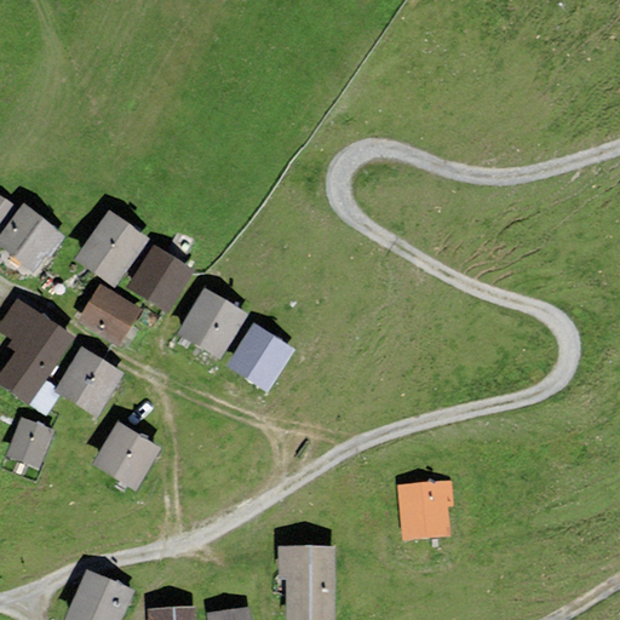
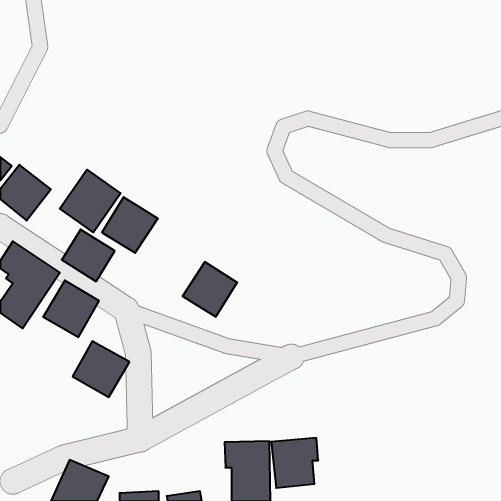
building: [176,287,247,360] -> none
building: [6,417,53,467] -> none
building: [396,478,454,540] -> [271,438,318,488]

